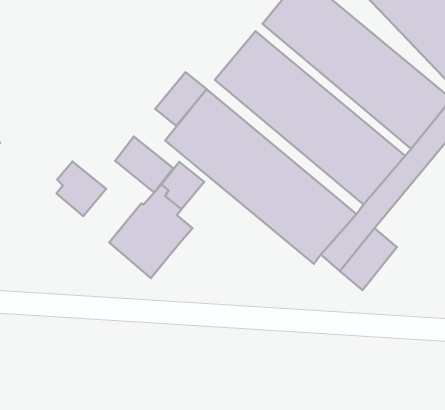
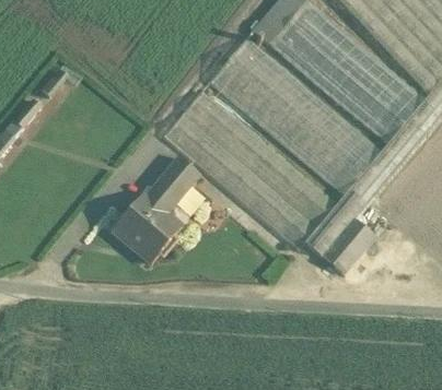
building: [155,72,207,126] -> none
building: [115,136,173,192] -> none
building: [56,162,106,216] -> none

